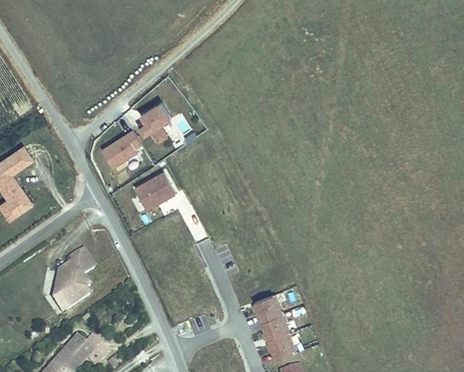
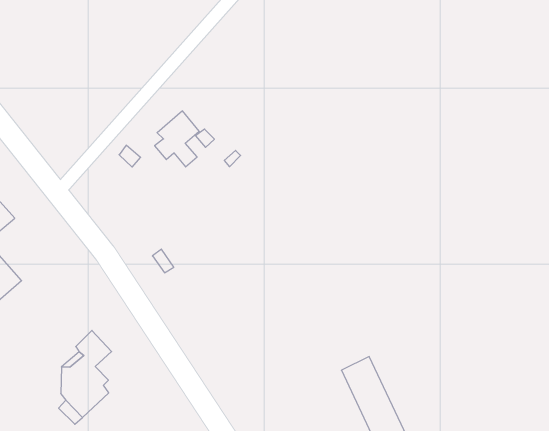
building: [105,129,144,166] -> none
building: [137,172,177,210] -> none

